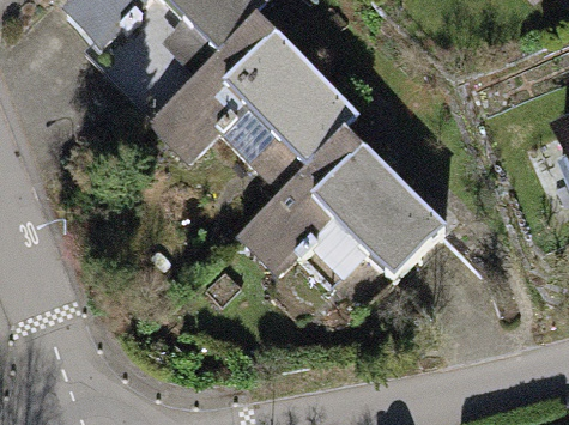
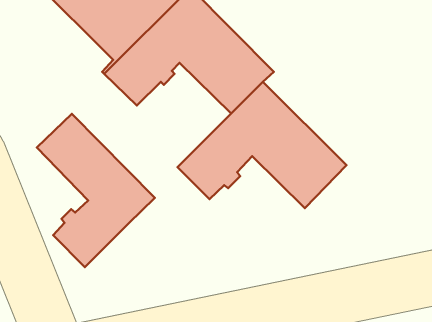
building: none -> [37,114,155,267]

